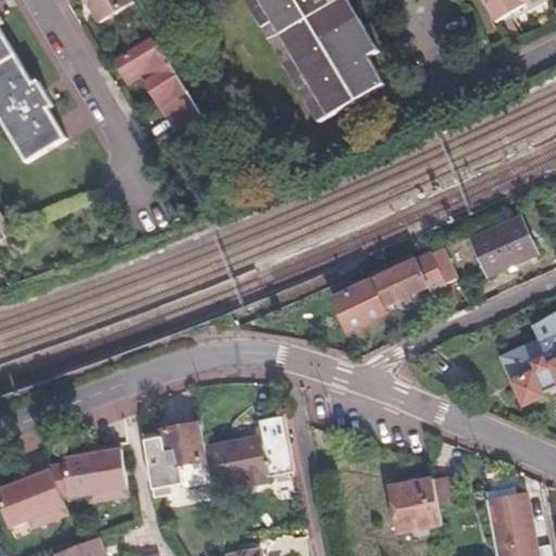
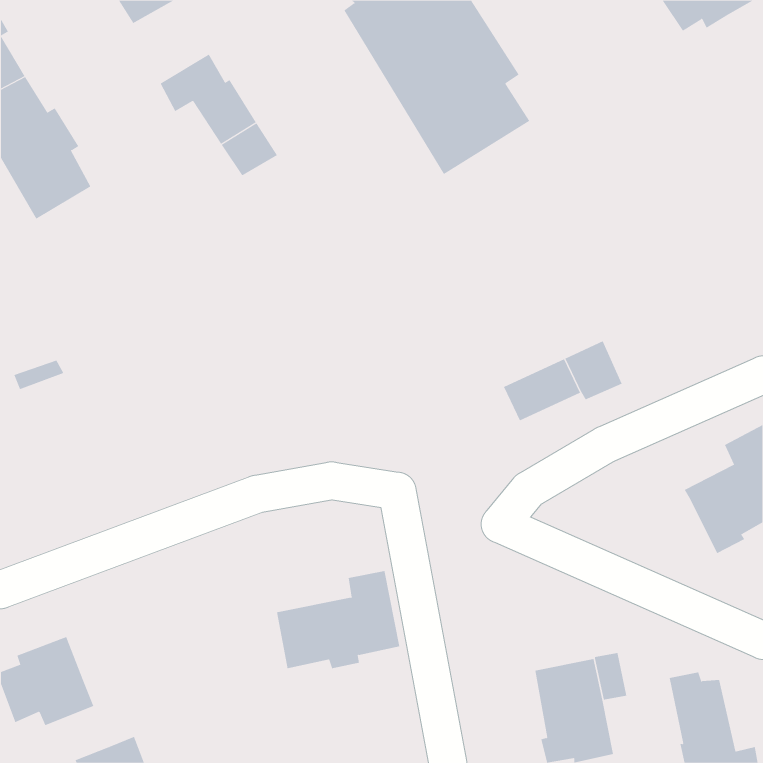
building: [469,215,534,271] -> none
building: [329,281,381,330] -> none
building: [142,421,207,495] -> none
building: [49,442,127,501] -> none

